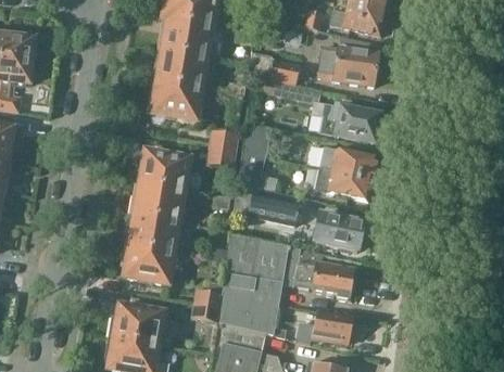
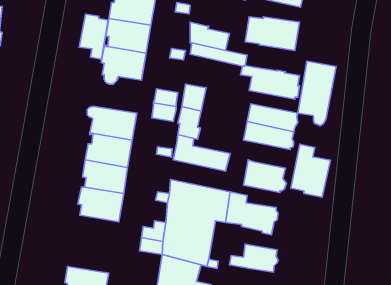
building: none -> [79,14,108,59]
building: none -> [298,61,336,126]
building: none -> [291,144,330,197]
building: [111,304,164,343] -> none

